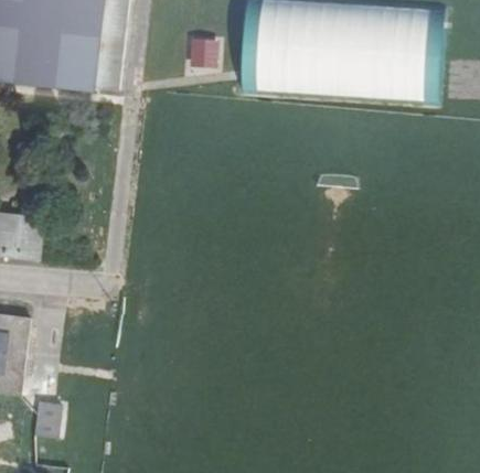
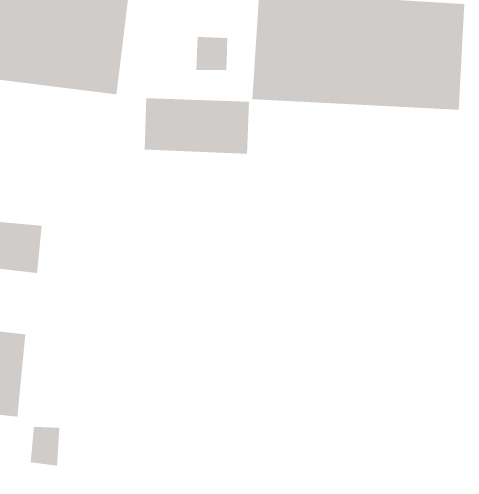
building: none -> [144,98,249,155]

